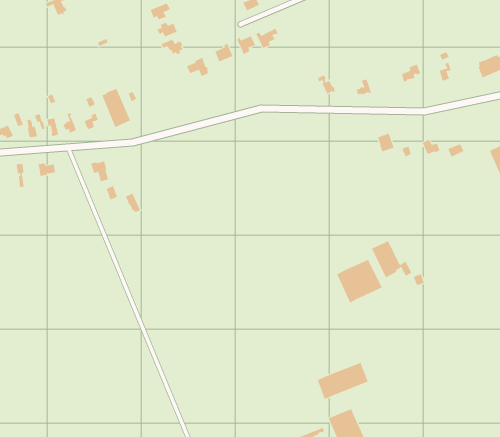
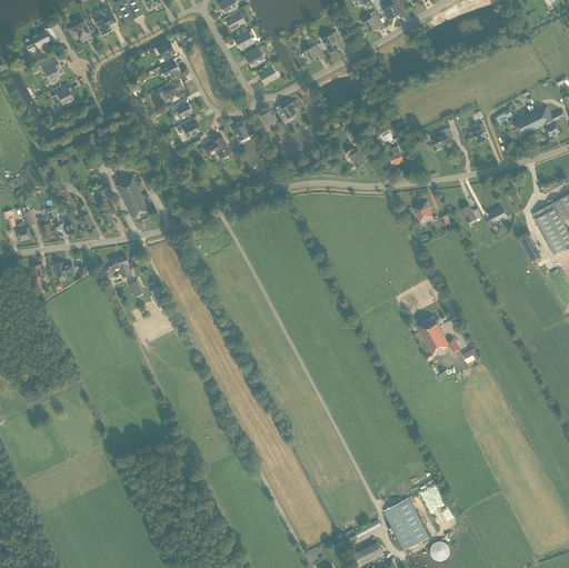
building: [336,259,382,304] -> none
building: [317,362,369,400] -> none

